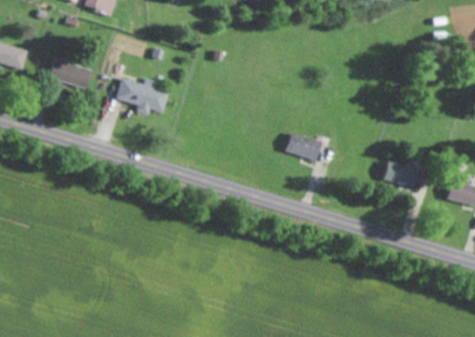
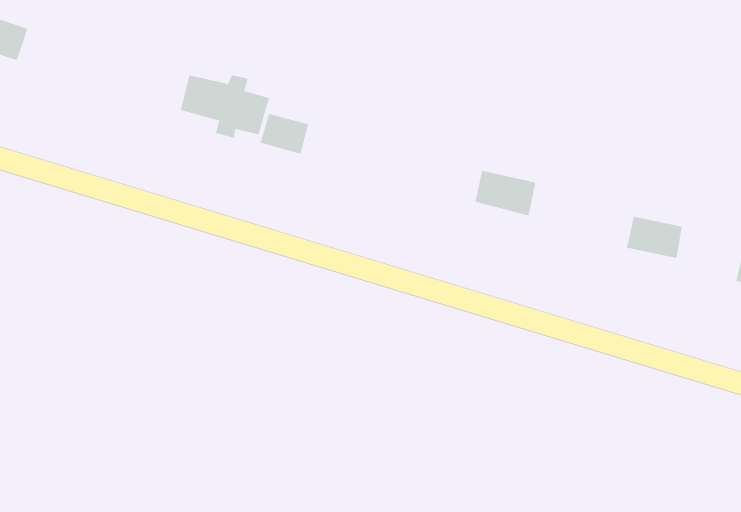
building: [47,58,93,90] -> none
building: none -> [260,113,309,155]

